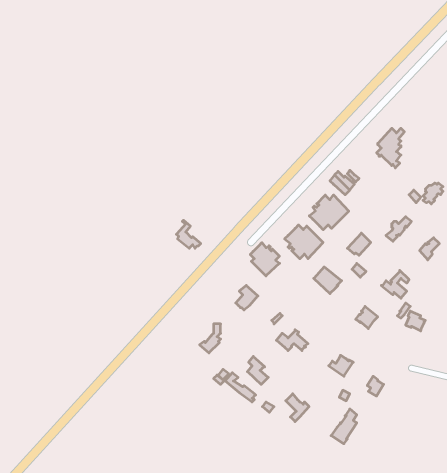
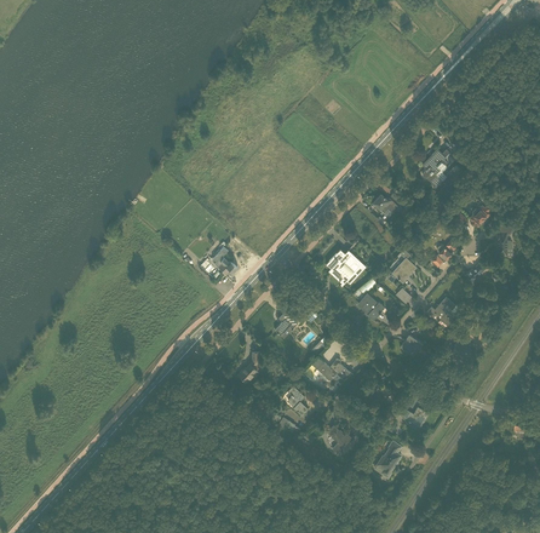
building: [309,195,349,230] -> none
building: [250,243,280,276] -> none

